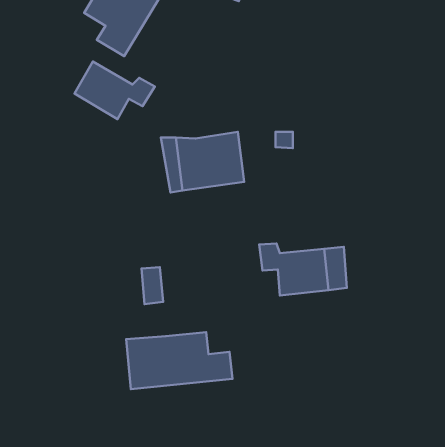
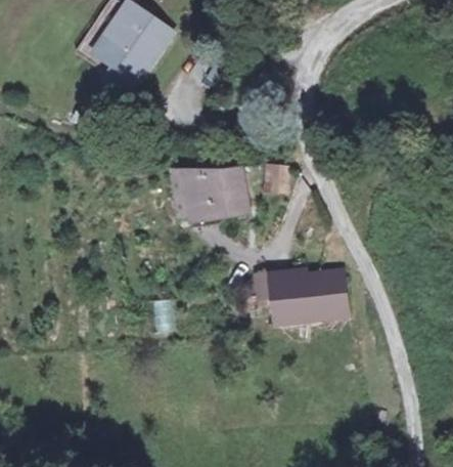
building: [74,62,155,119] -> none
building: [126,332,232,389] -> none

